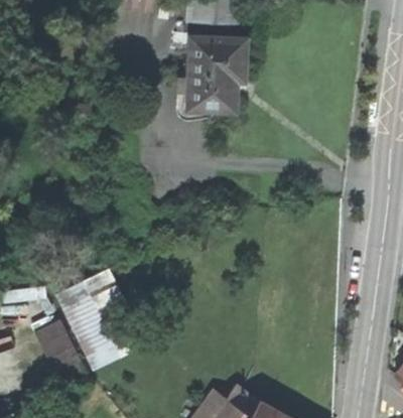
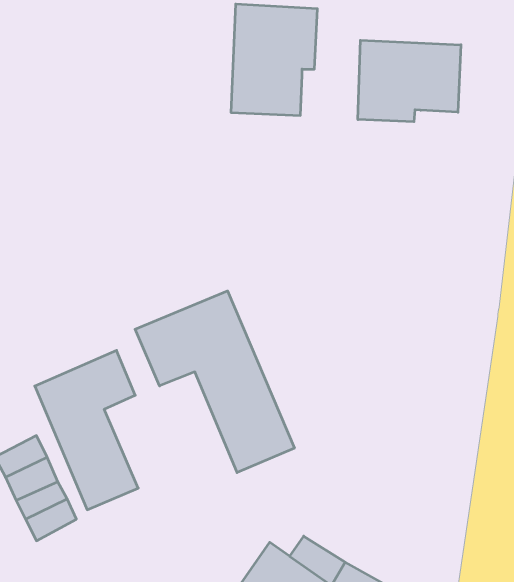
building: none -> [358,40,461,122]
building: none -> [135,291,294,473]

